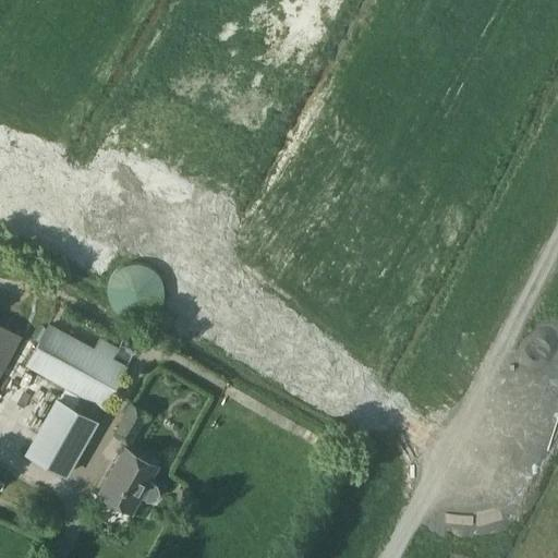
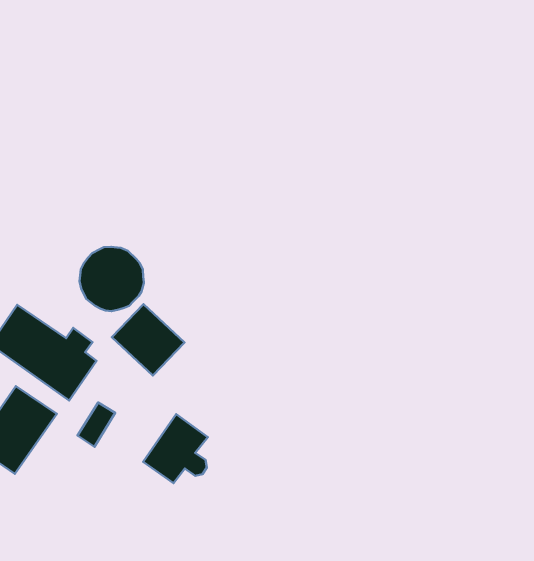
building: none -> [112,304,185,375]
building: [102,449,160,511] -> [143,414,208,483]

